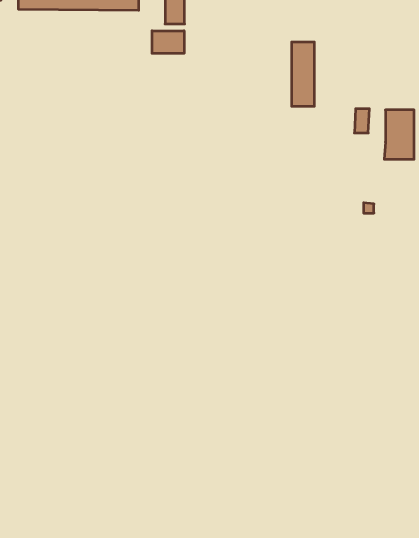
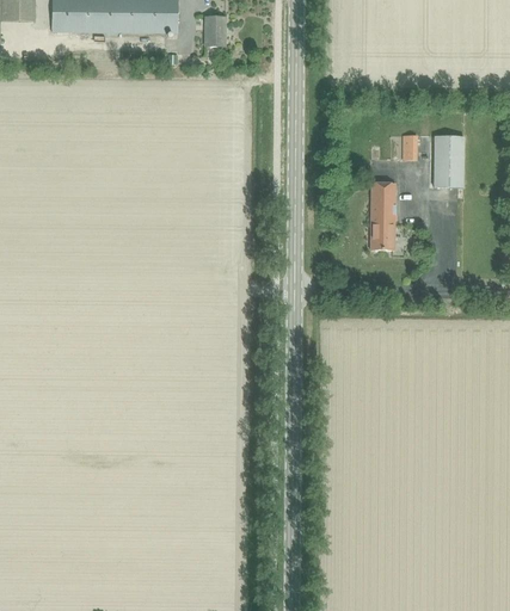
building: [152,31,184,53] -> none
building: [292,42,314,106] -> [370,183,394,249]

